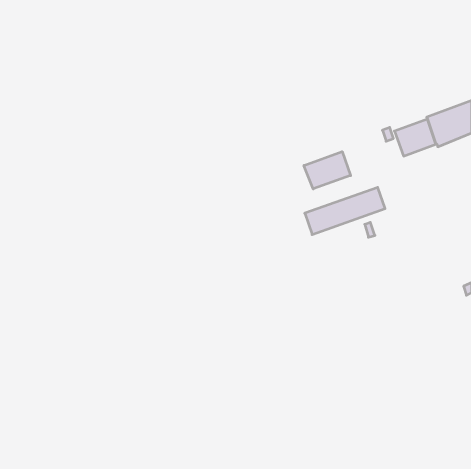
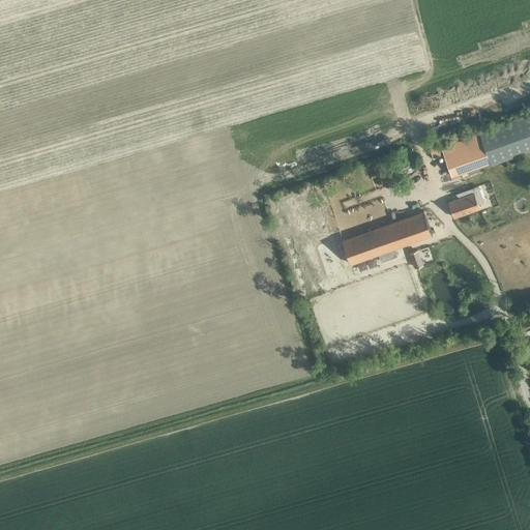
building: [304,152,351,189] -> none
building: none -> [448,195,479,218]

